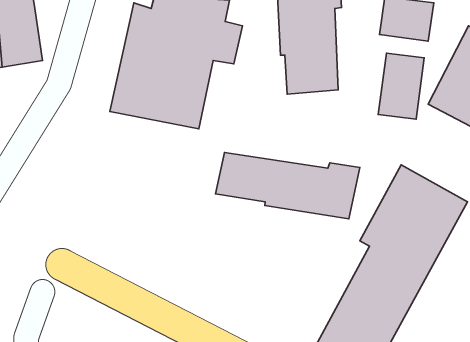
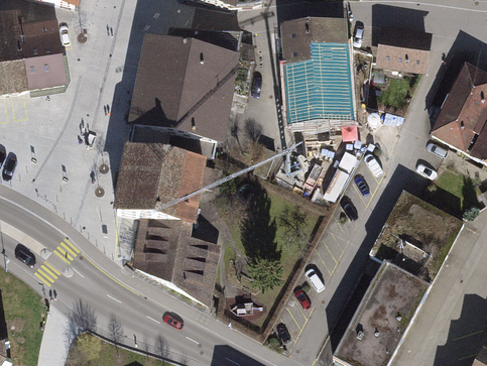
building: [378,53,424,119] -> none
building: none -> [119,151,219,298]
building: [216,152,360,219] -> none

